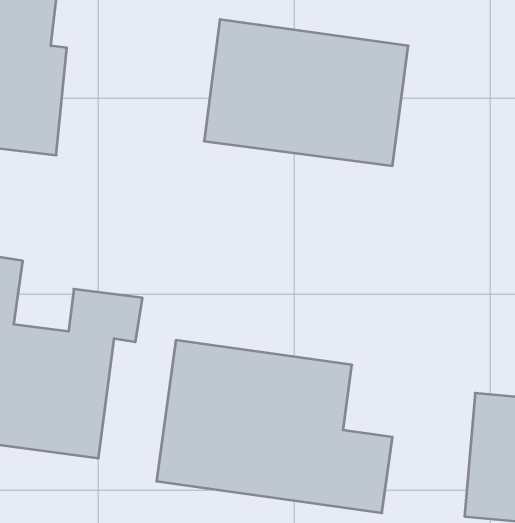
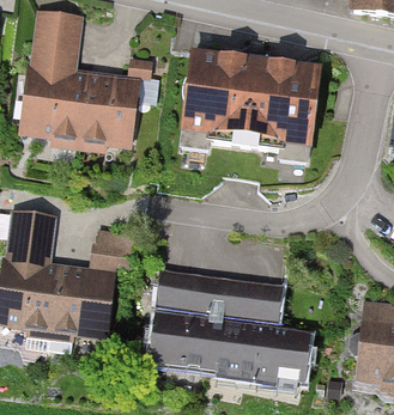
building: none -> [80,55,141,147]

